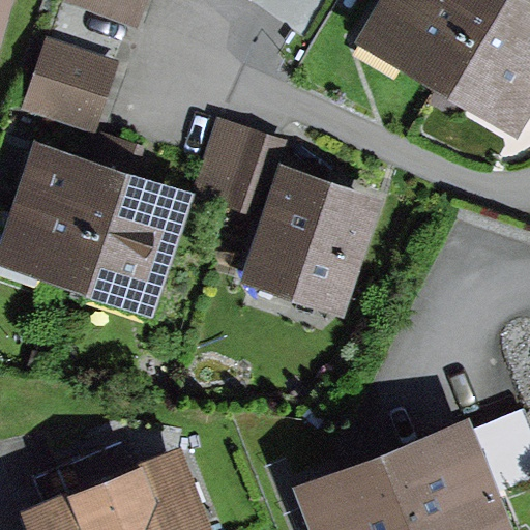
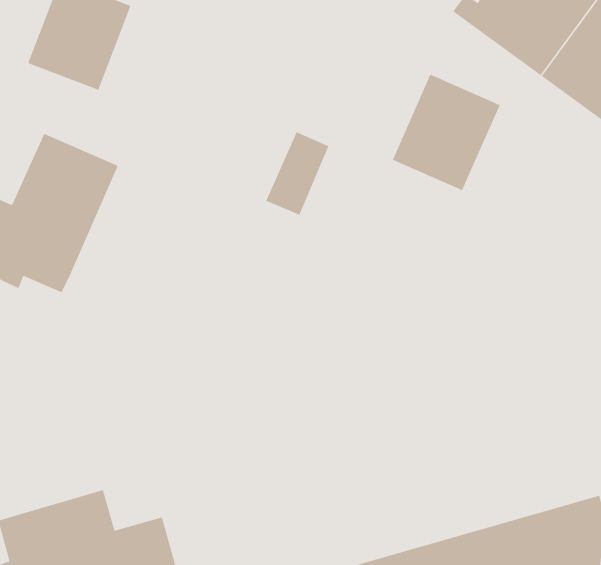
building: none -> [392,74,501,191]
building: [78,178,173,293] -> none
building: [259,178,363,296] -> none

